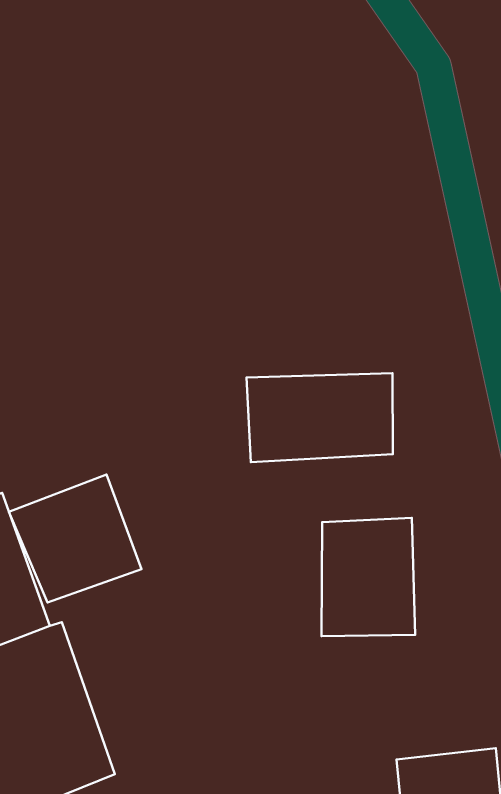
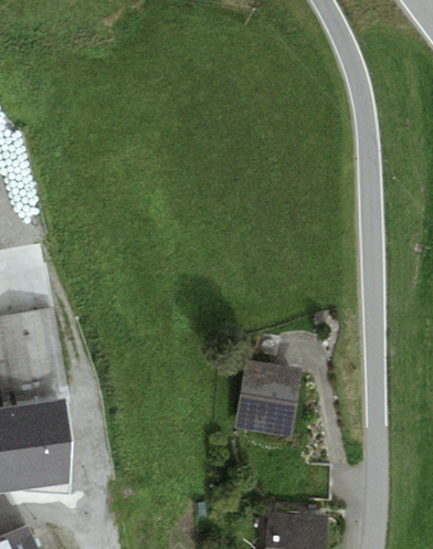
building: [247,373,393,462] -> none
building: [9,474,142,603] -> none

